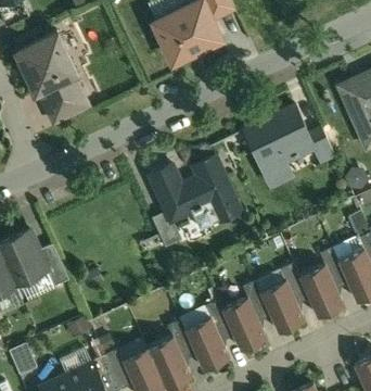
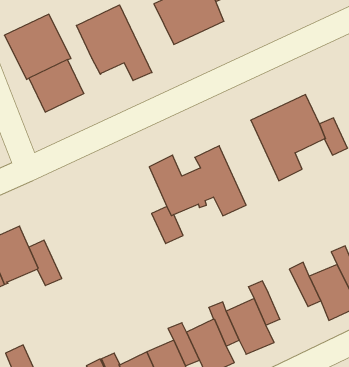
building: none -> [76,5,152,81]
building: [260,281,304,333] -> none

